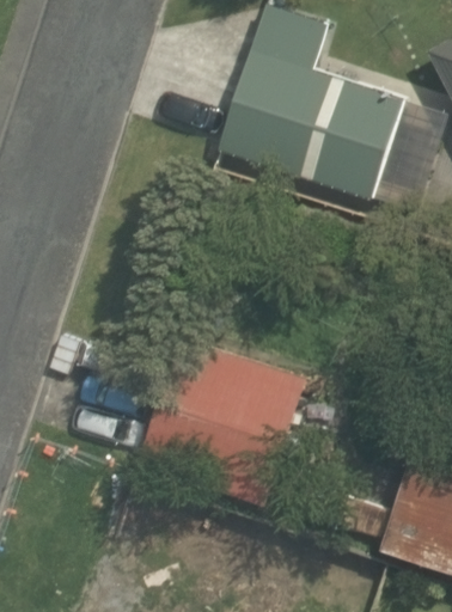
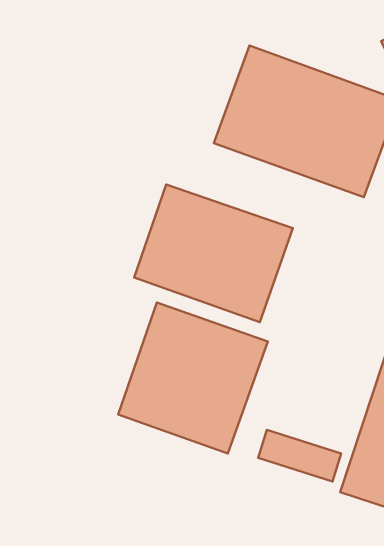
building: none -> [134,184,293,322]

